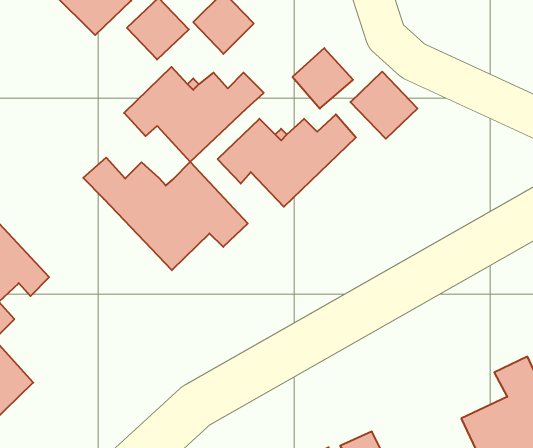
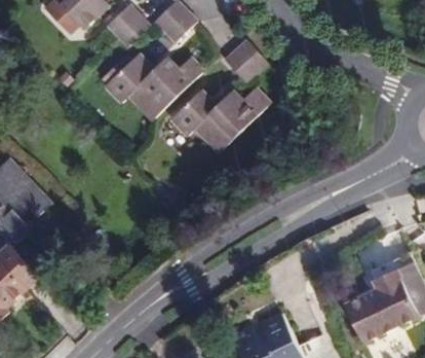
building: [350,72,417,139] -> none
building: [83,158,248,270] -> none

